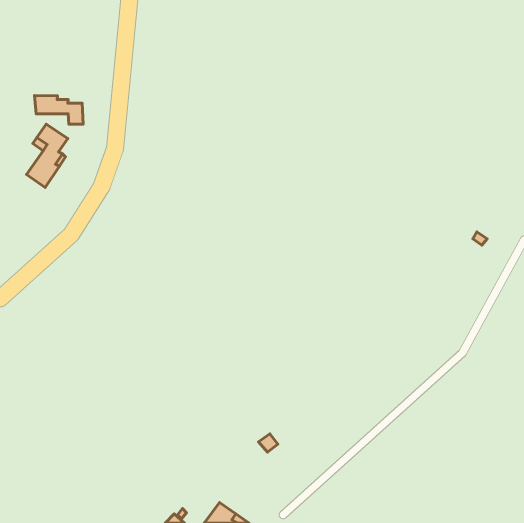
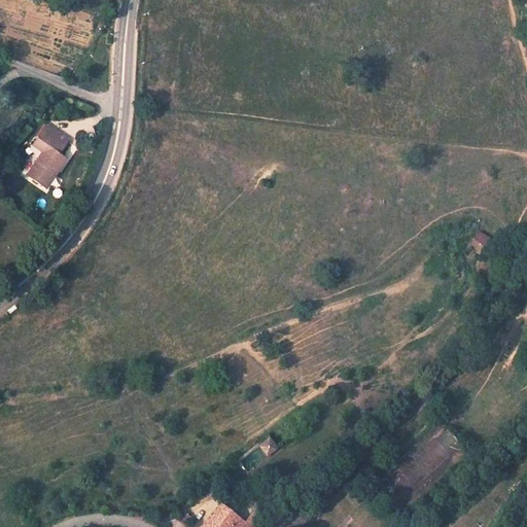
building: [34,95,83,124] -> none

